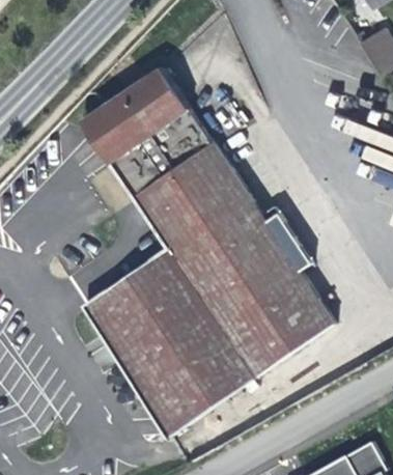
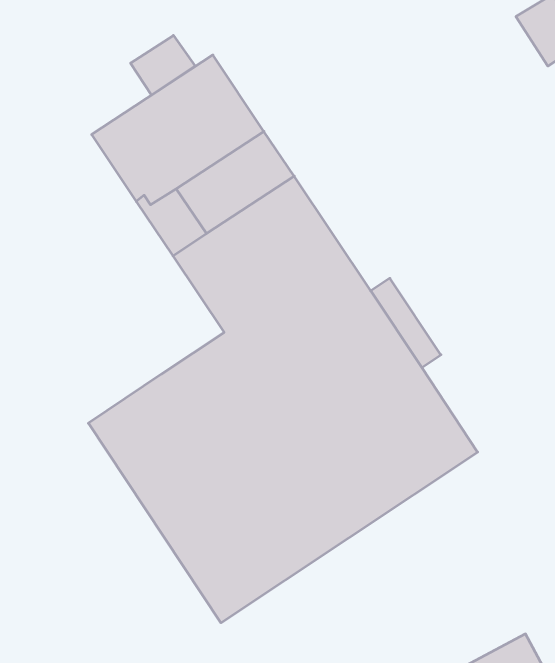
building: none -> [131,35,195,95]

